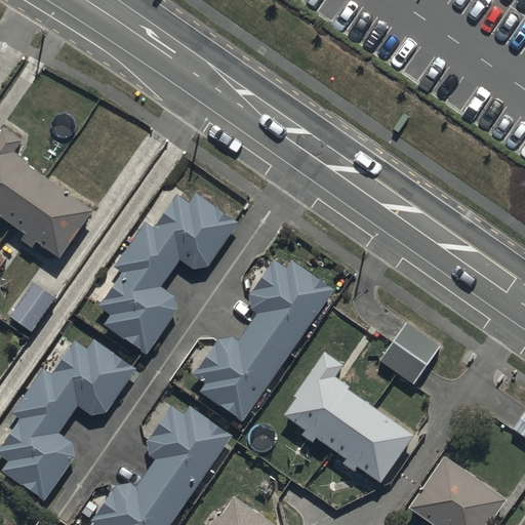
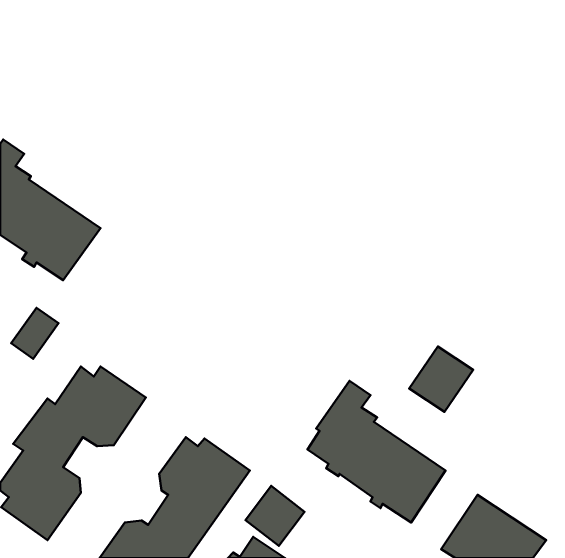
building: [99,193,237,354] -> none
building: [194,258,334,419] -> none
building: none -> [246,486,305,546]

